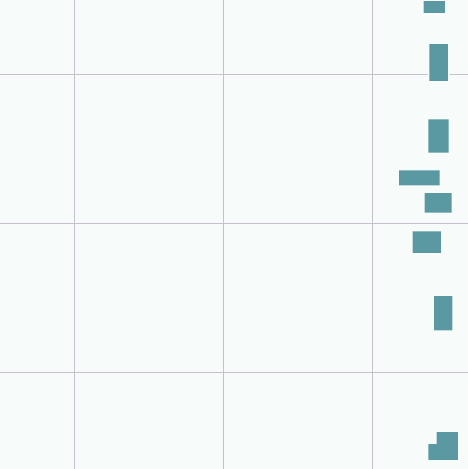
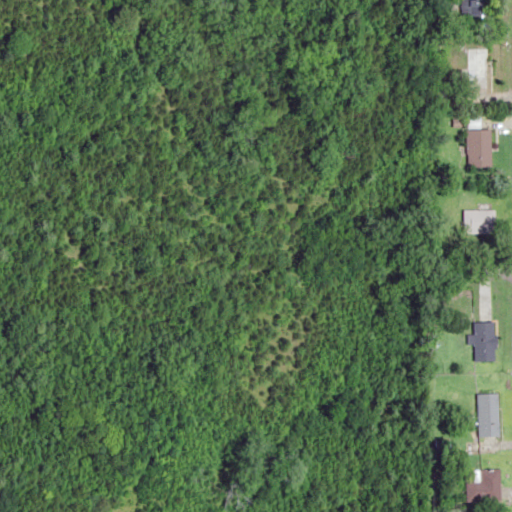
building: [398,170,441,186] -> none
building: [412,230,442,254] -> none
building: none -> [477,394,498,437]

